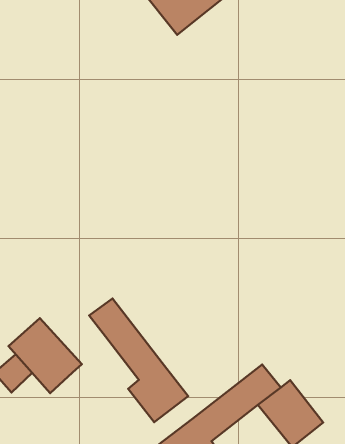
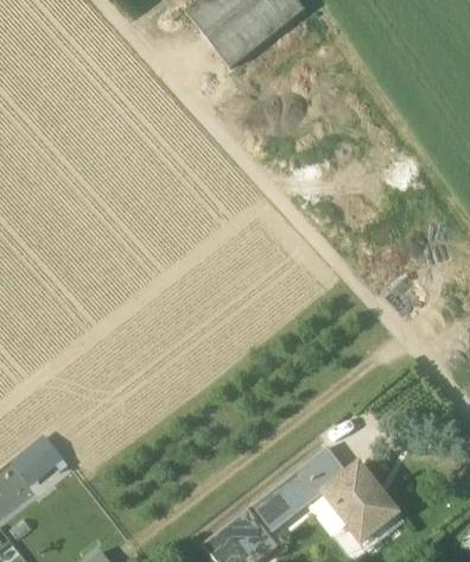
building: [89,298,188,422] -> none
building: [9,318,82,393] -> none

